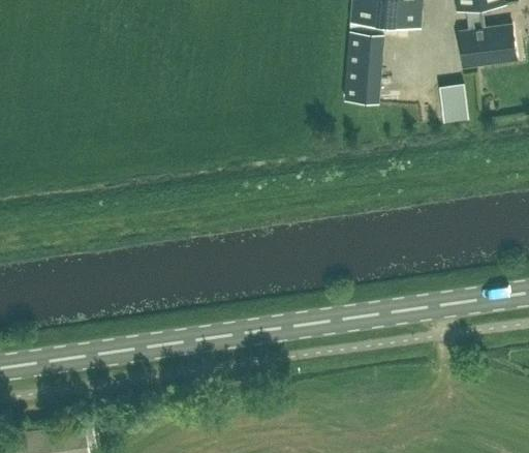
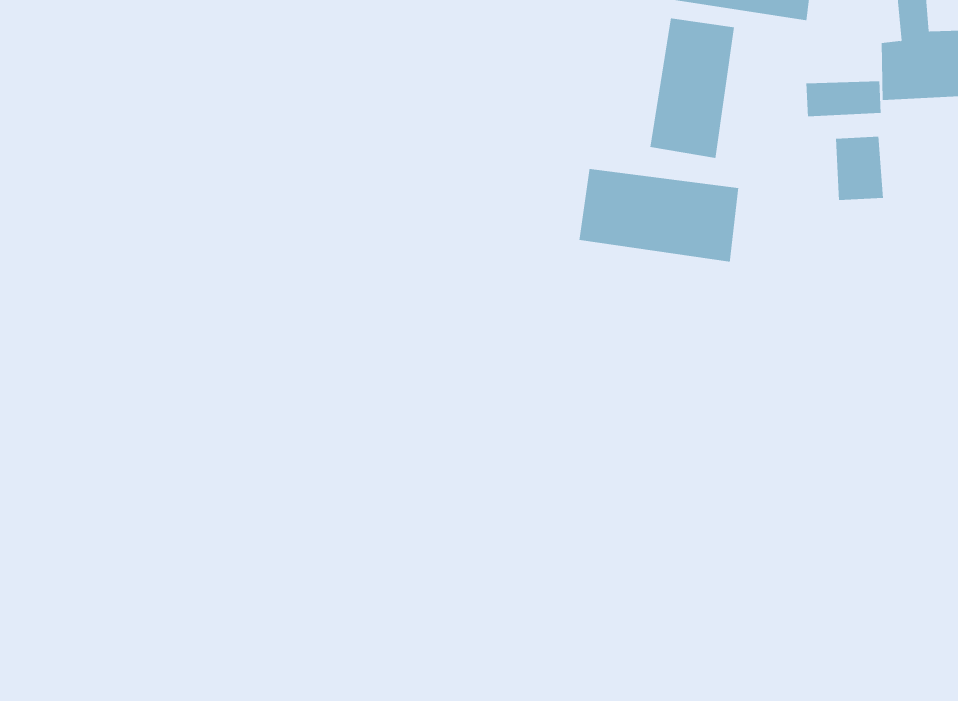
building: none -> [806,81,881,117]
building: none -> [579,168,739,262]

